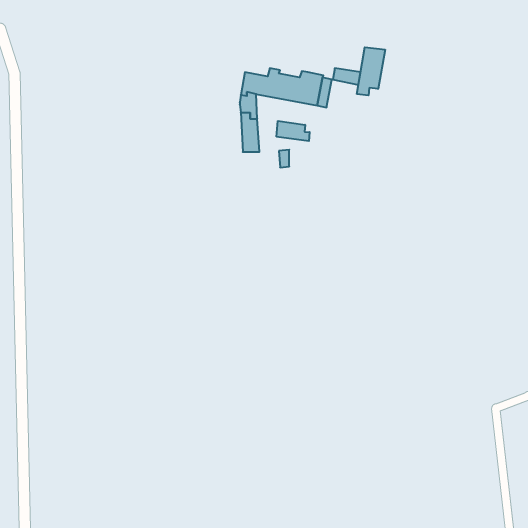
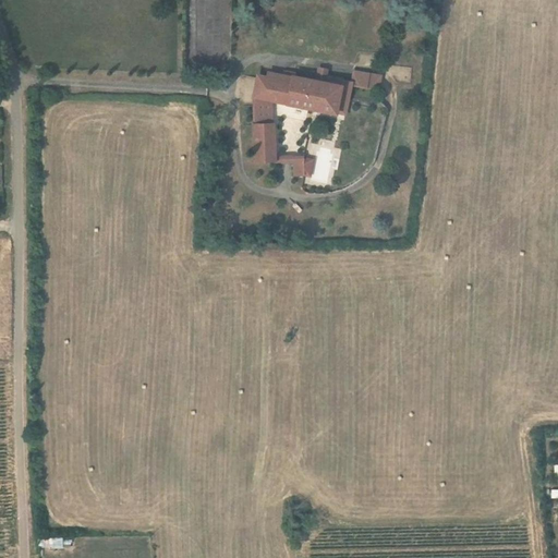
building: [357,47,385,95] -> none
building: [277,121,310,141] -> none

